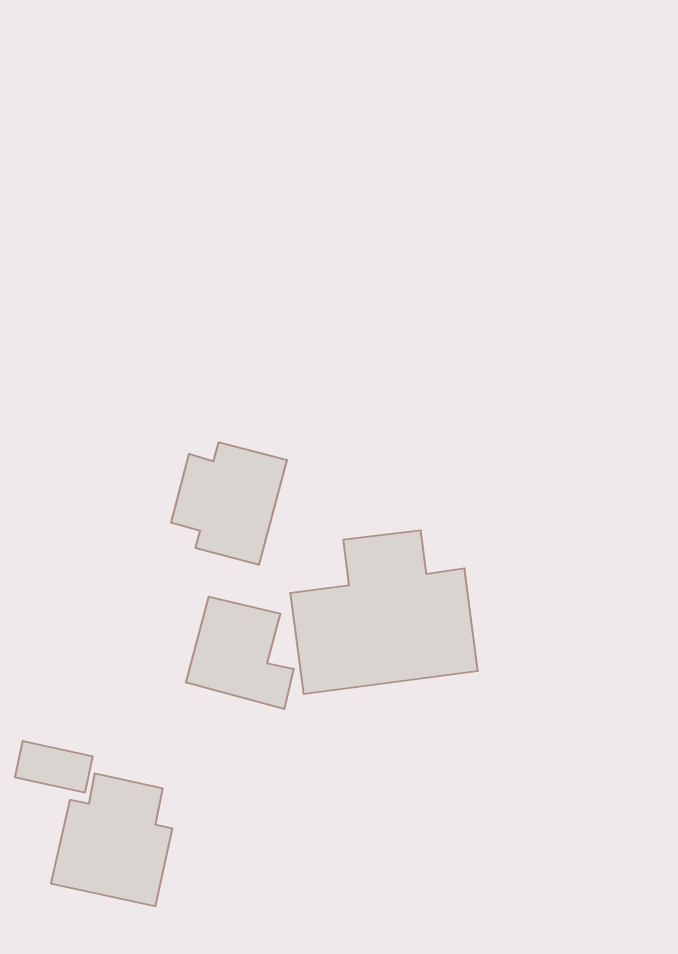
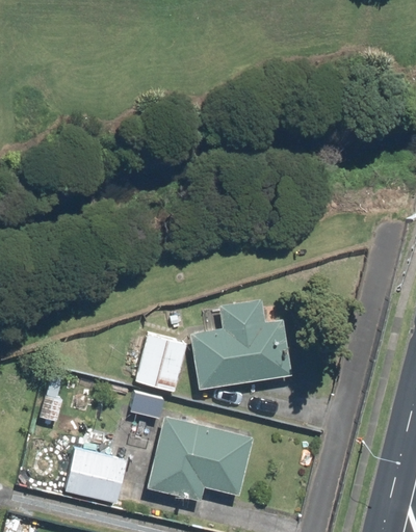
building: [171,442,287,565] -> none
building: none -> [146,417,252,504]

